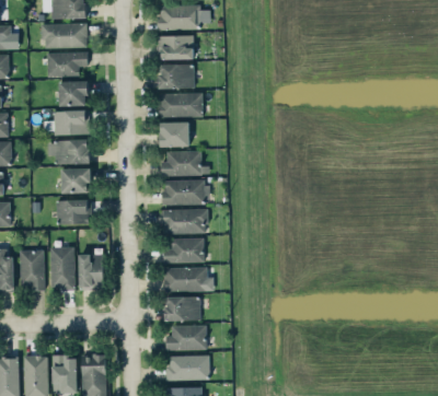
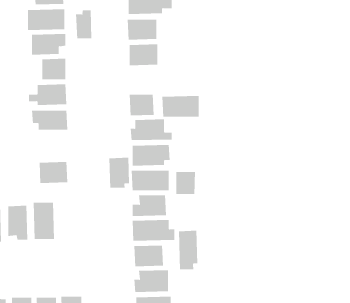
building: none -> [75,9,92,39]
building: [159,92,203,117] -> [162,95,200,117]
building: [61,167,91,193] -> none
building: none -> [109,157,129,189]
building: none -> [176,171,196,195]
building: [79,253,103,289] -> none
building: none -> [178,230,198,270]

